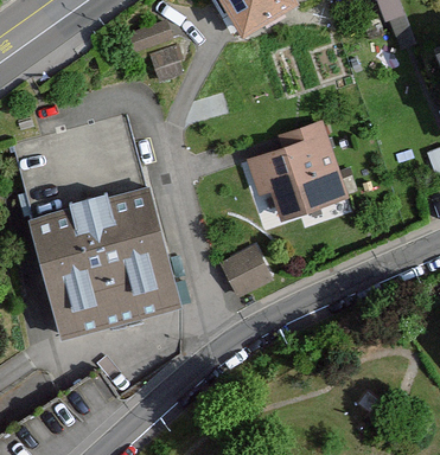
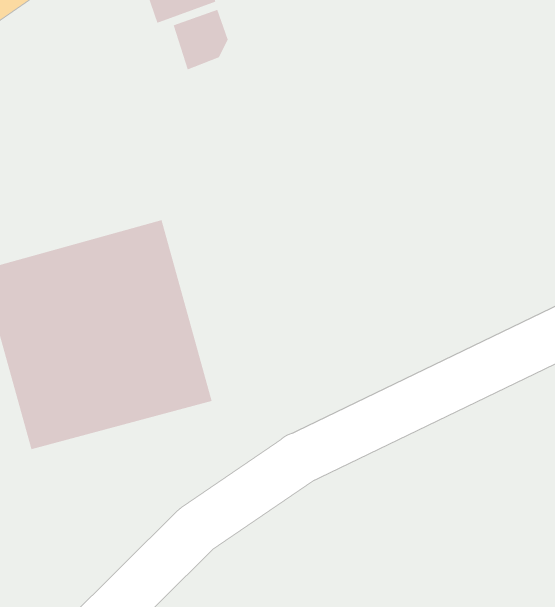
building: [245,121,344,222] -> none
building: [221,250,273,305] -> none

